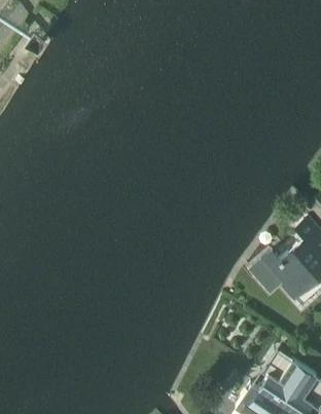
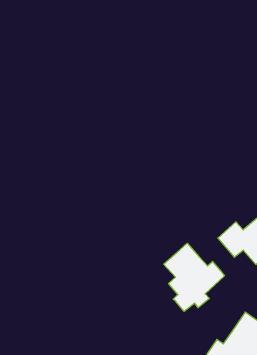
building: none -> [164,243,224,311]

